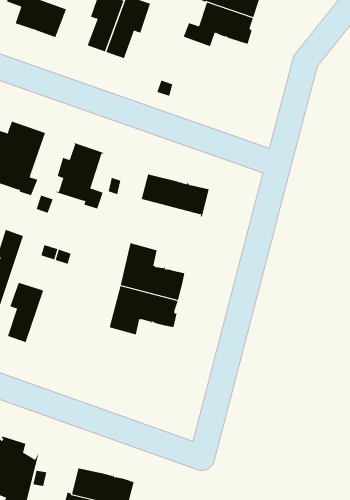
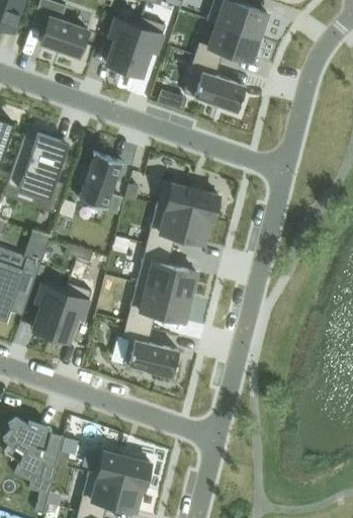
building: none -> [184,57,245,113]
building: none -> [146,205,210,252]
building: none -> [51,284,91,343]
building: none -> [122,323,179,378]

